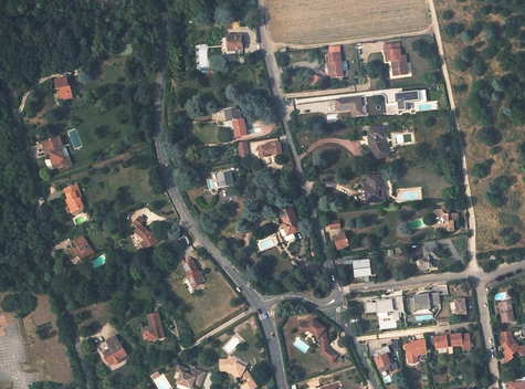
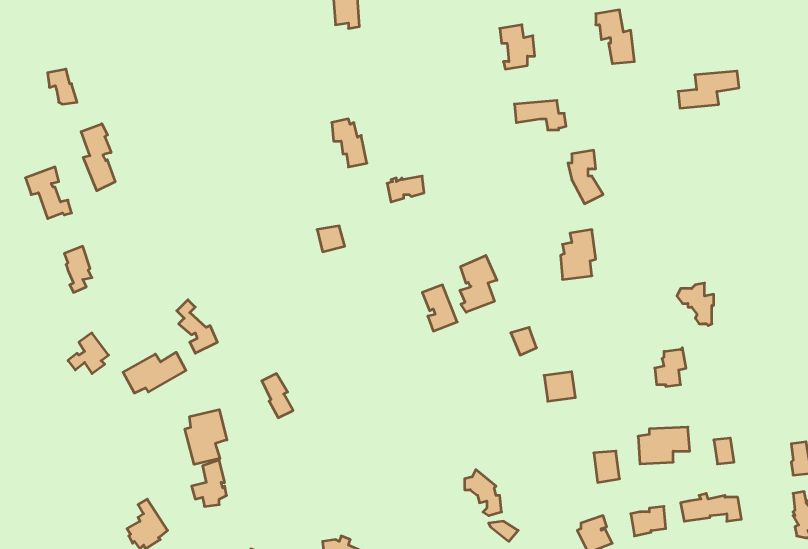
building: [385,91,421,113] -> [678,71,739,108]
building: none -> [81,124,115,191]
building: none -> [460,255,497,312]
building: none -> [123,352,186,393]
building: none -> [185,410,227,464]

